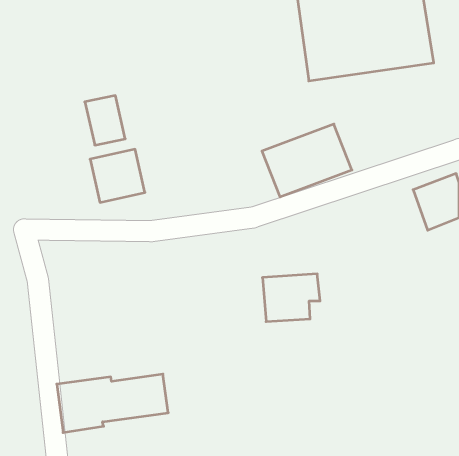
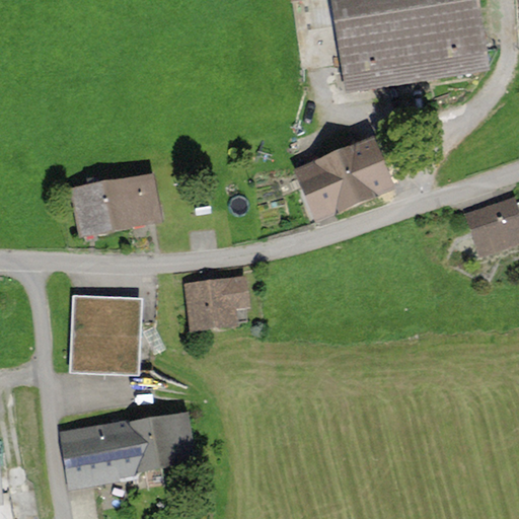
building: [85,96,125,145] -> [67,179,113,235]
building: none -> [70,293,140,370]
building: [262,274,320,322] -> [183,274,248,327]

